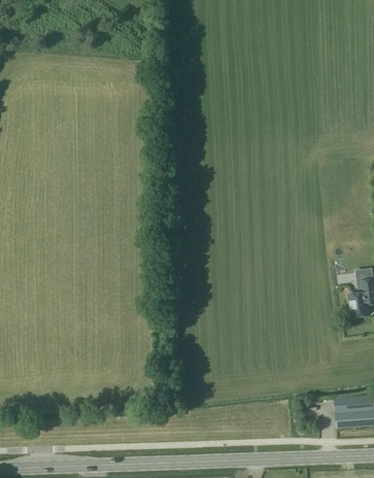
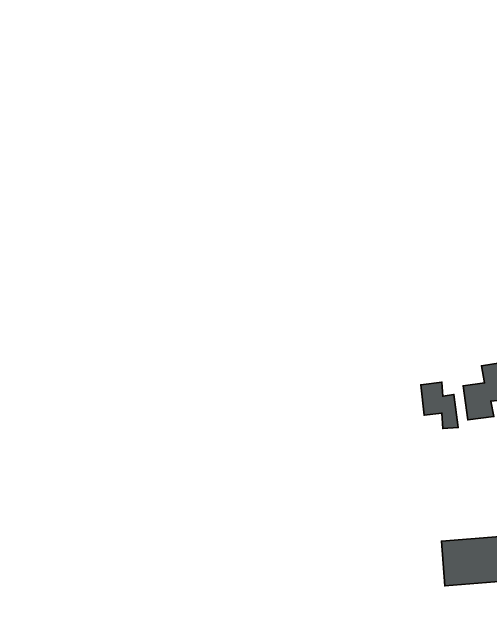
building: none -> [421,382,458,429]

